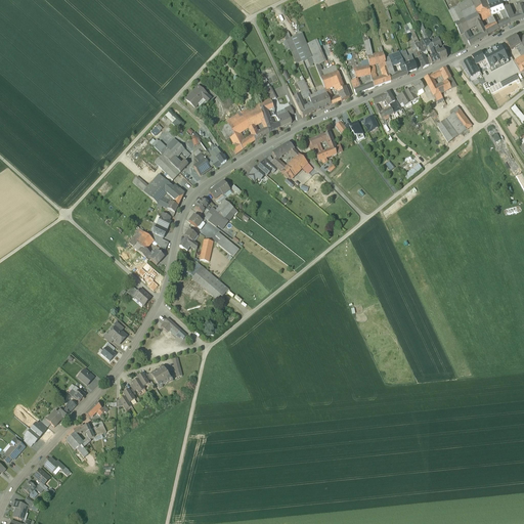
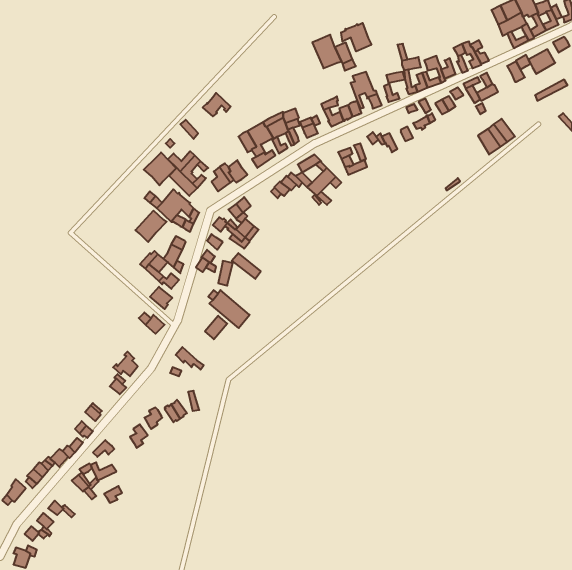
building: none -> [341,23,371,51]
building: none -> [144,152,176,185]
building: none -> [135,211,167,242]

